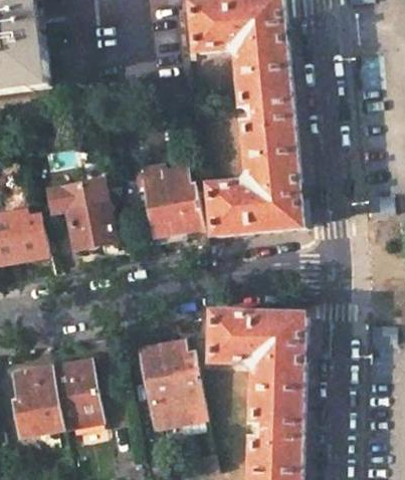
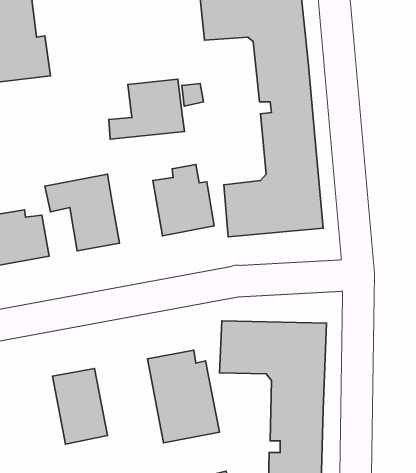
building: none -> [109,79,185,139]
building: [11,365,62,436] -> none

